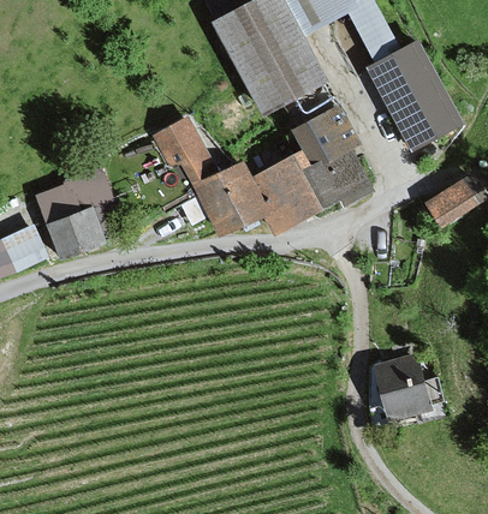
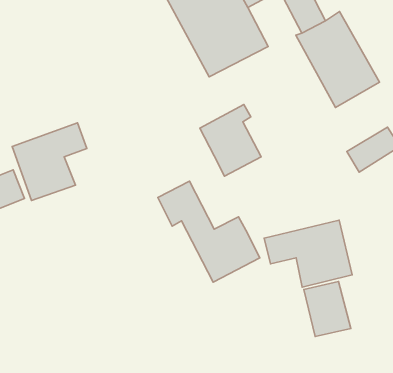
building: [294,104,374,209] -> none
building: [149,118,269,237] -> [158,181,260,282]
building: none -> [264,220,352,287]

